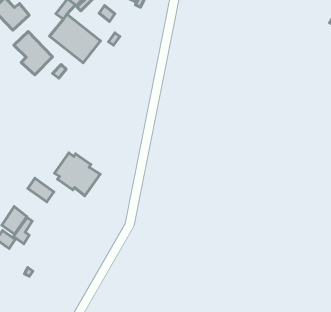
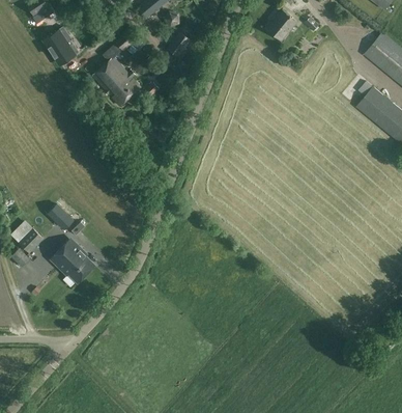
building: [14,31,53,75] -> none
building: [54,153,100,196] -> [53,240,95,282]

